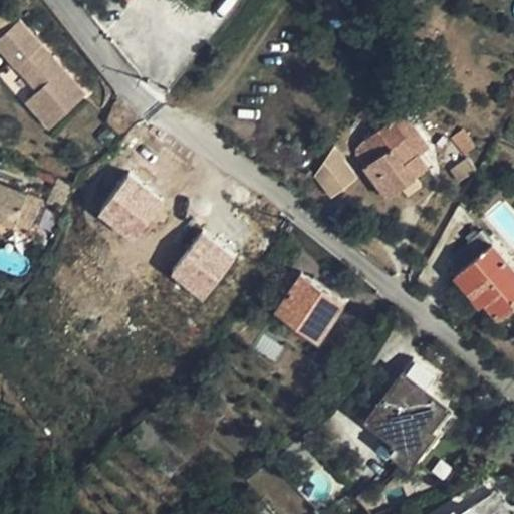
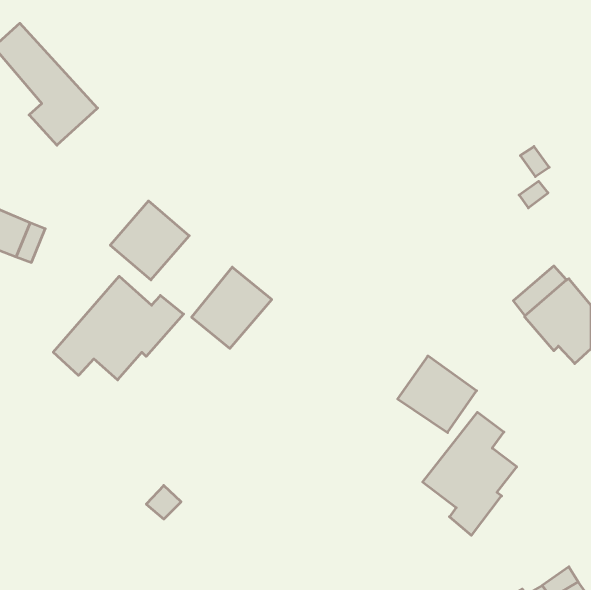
building: [354,120,427,199] -> none
building: [314,150,356,200] -> none
building: none -> [53,276,184,380]
building: [274,273,342,339] -> [398,356,477,433]

